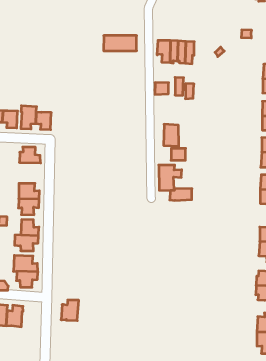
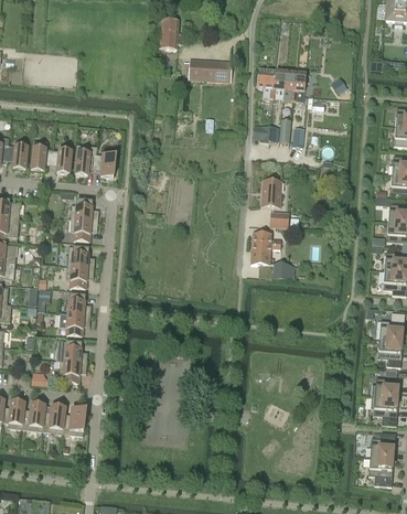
building: none -> [160,19,183,49]
building: none -> [69,217,98,239]
building: [61,300,79,321] -> [62,407,86,435]

